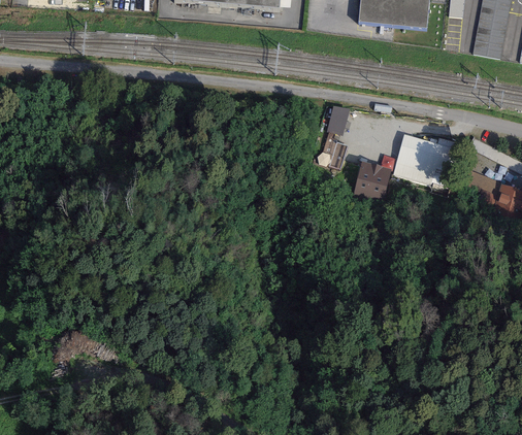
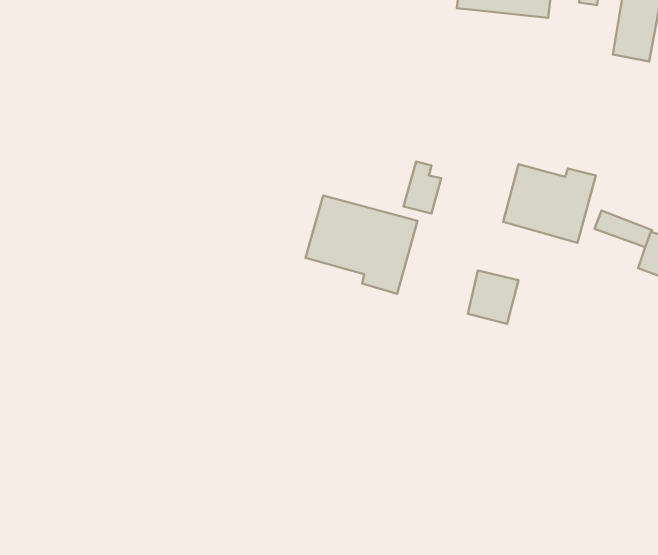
building: [326,105,349,135] -> none
building: none -> [306,195,418,294]
building: [353,162,390,201] -> [468,270,518,324]

